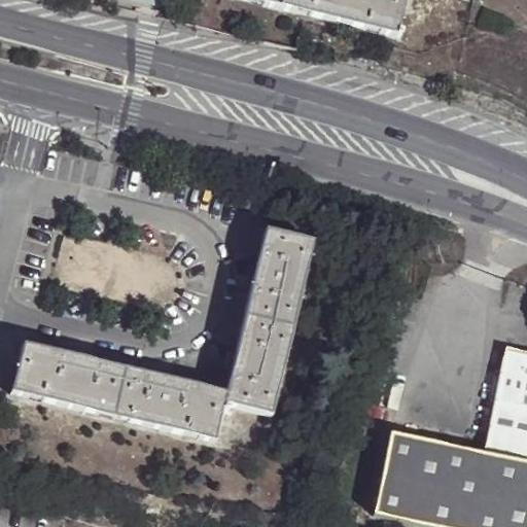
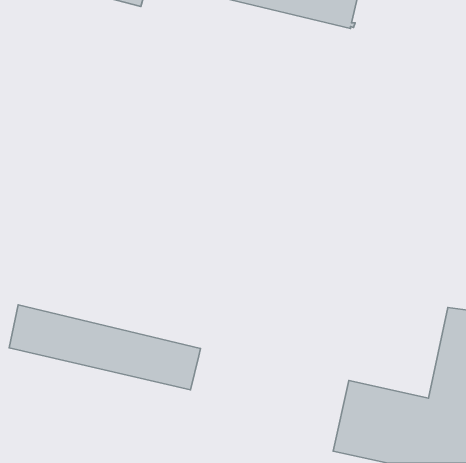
building: [225,227,316,411] -> none

